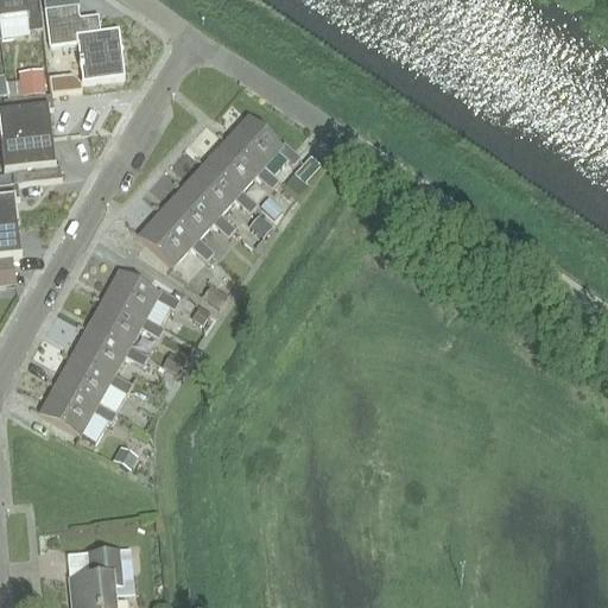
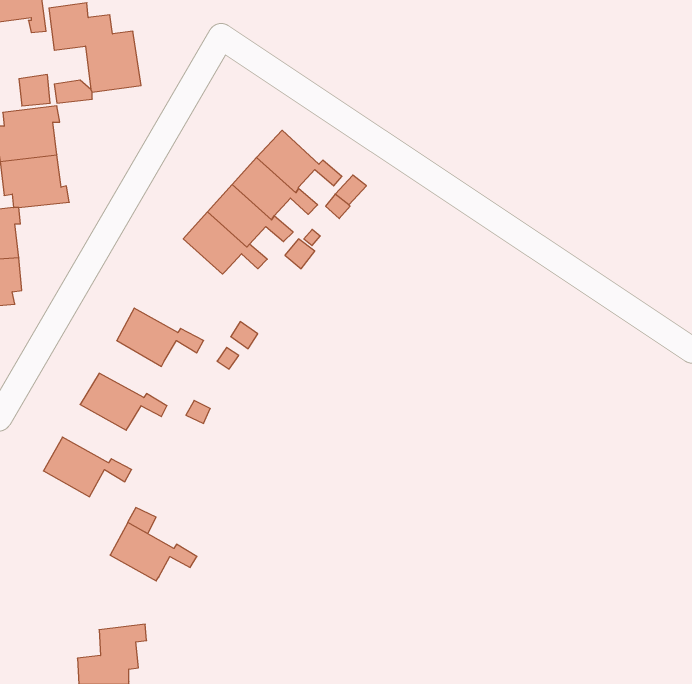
building: [137,209,213,266] -> none
building: [87,298,163,348] -> none
building: [55,354,131,405] -> [110,523,197,581]

